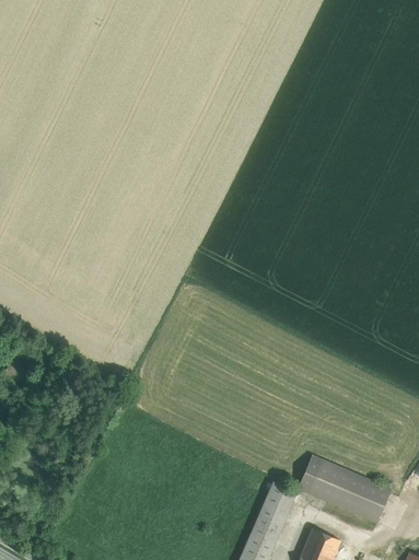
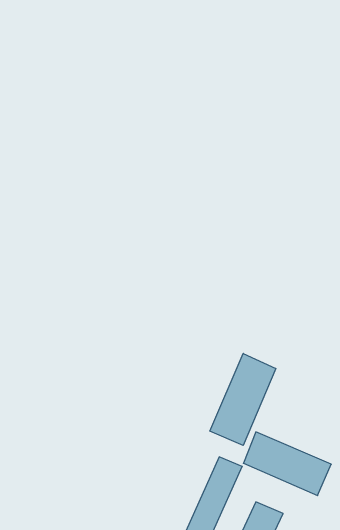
building: none -> [210,353,276,445]

